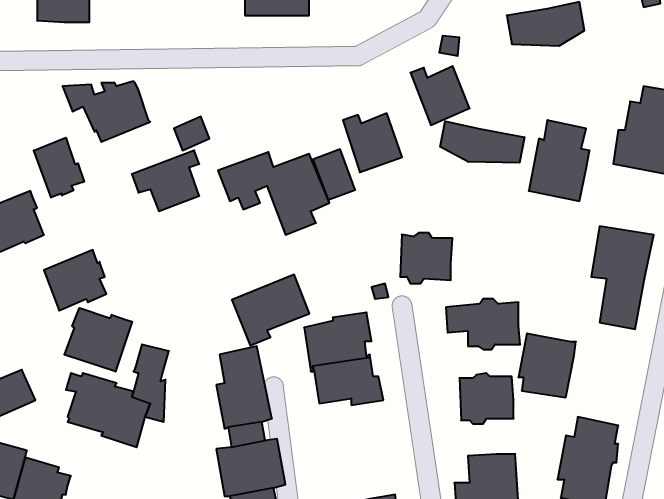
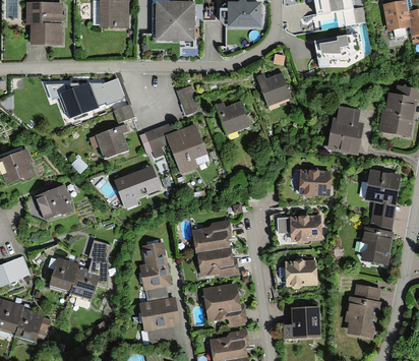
building: none -> [89,77,124,105]
building: [440,121,524,163] -> none
building: [34,138,84,198] -> none
building: [313,149,355,200] -> [175,84,200,115]
building: [400,233,452,284] -> [299,167,331,197]
building: [232,275,309,346] -> [114,166,161,208]
building: [64,308,132,372] -> none
building: [518,333,576,397] -> [359,226,394,264]
building: none -> [201,283,247,327]

